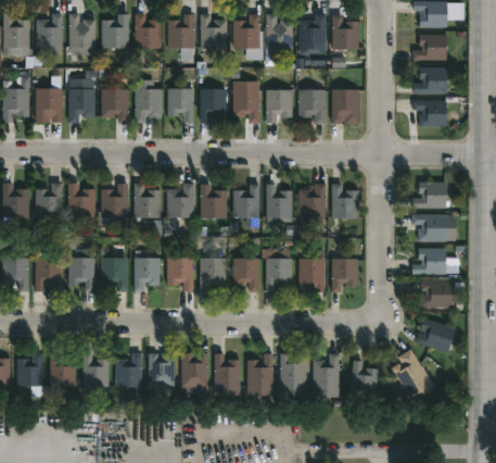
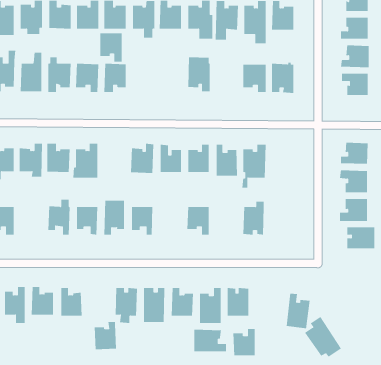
building: [167,88,194,123] -> [100,33,123,62]
building: [201,88,228,122] -> none
building: [267,89,293,123] -> none
building: [133,183,162,221] -> none
building: [332,184,359,218] -> none
building: [263,248,293,290] -> none
building: [36,258,62,291] -> none
building: [201,258,226,291] -> none
building: [332,259,358,291] -> none
building: [417,317,456,352] -> none
building: [392,349,436,398] -> [304,316,342,358]
building: [115,353,142,387] -> [94,321,117,350]
building: [313,354,340,387] -> [232,328,255,356]
building: none -> [194,329,227,352]

